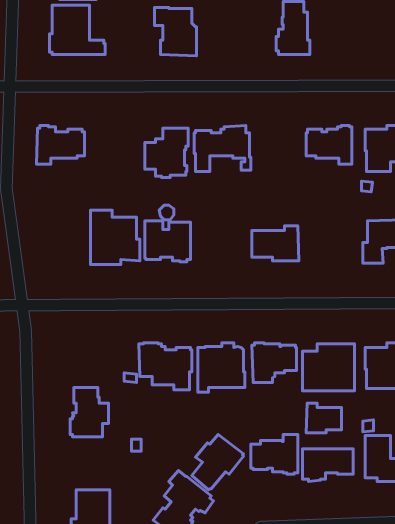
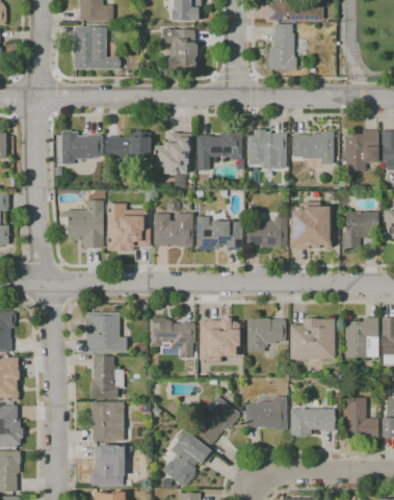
building: none -> [246,129,286,167]
building: none -> [106,130,151,158]
building: none -> [67,200,104,248]
building: none -> [290,201,333,247]
building: none -> [195,216,242,249]
building: none -> [85,312,127,351]
building: [306,403,342,433] -> none
building: none -> [90,401,124,441]

